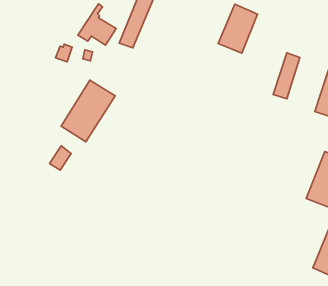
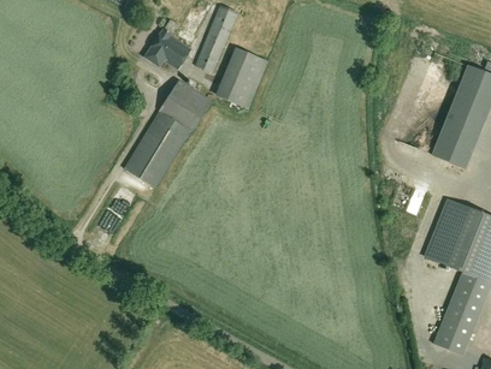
building: [218,4,257,53] -> [219,49,267,109]
building: [273,53,300,99] -> none
building: none -> [159,81,209,132]

